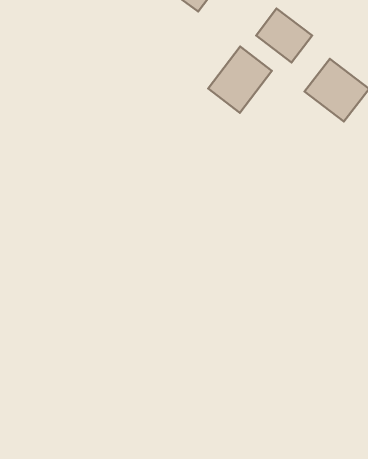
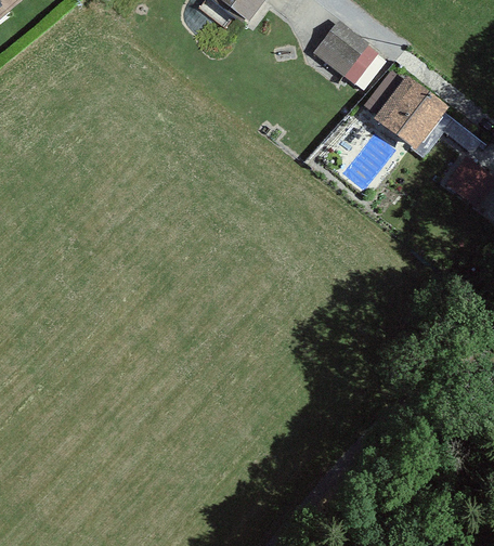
building: [208,47,272,113] -> none

